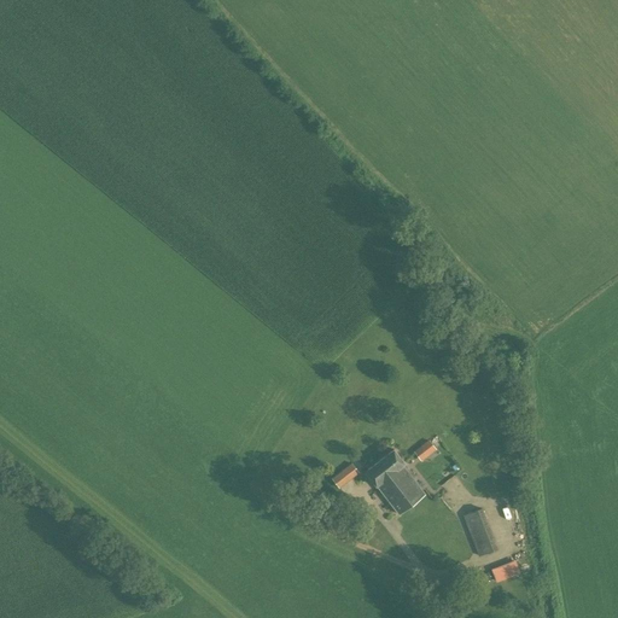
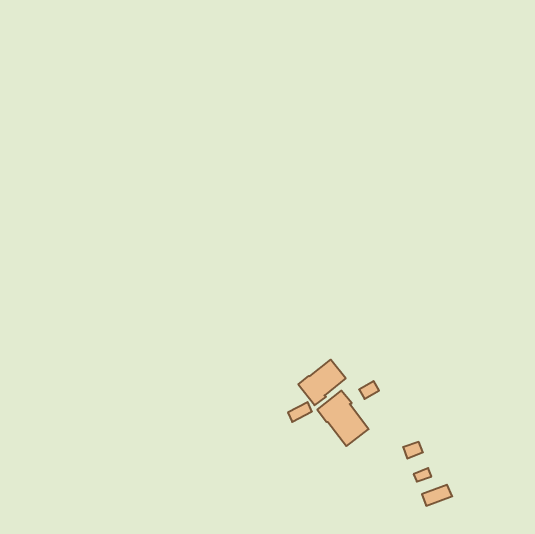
building: none -> [298,360,346,405]

